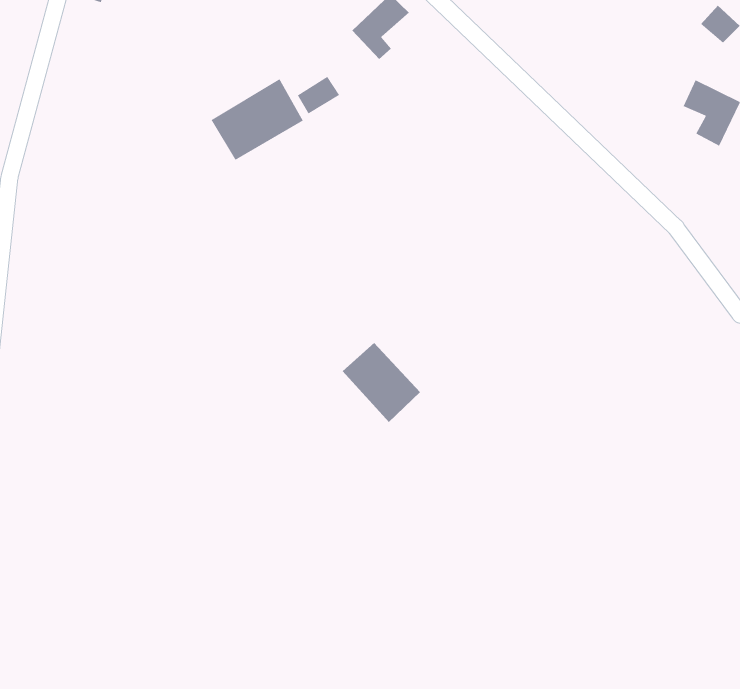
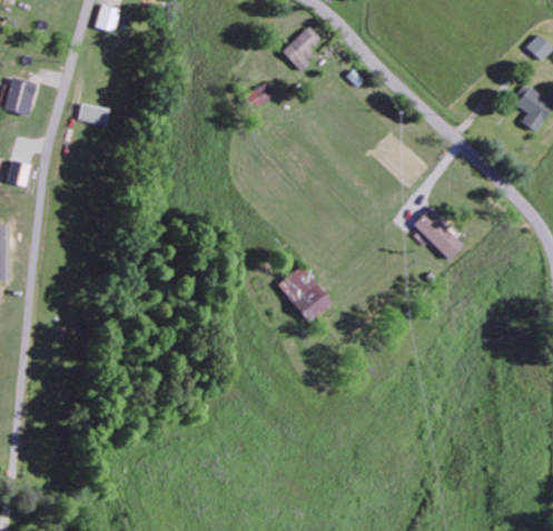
building: [210,78,304,161] -> none
building: none -> [78,104,107,125]
building: none -> [414,209,463,260]

